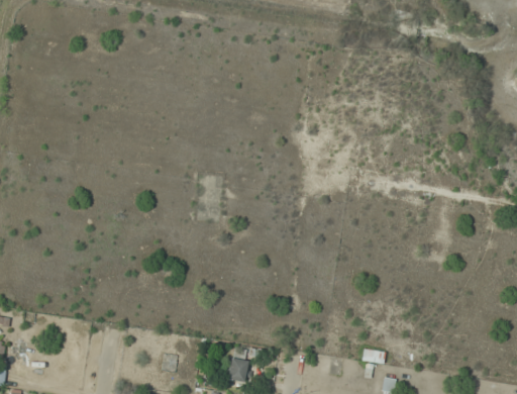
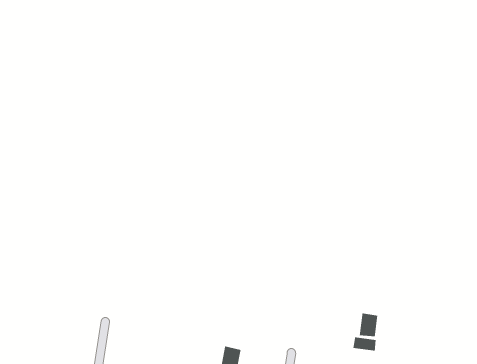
building: none -> [359,313,378,337]

